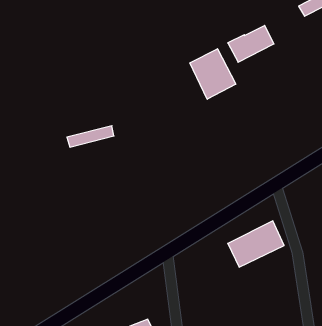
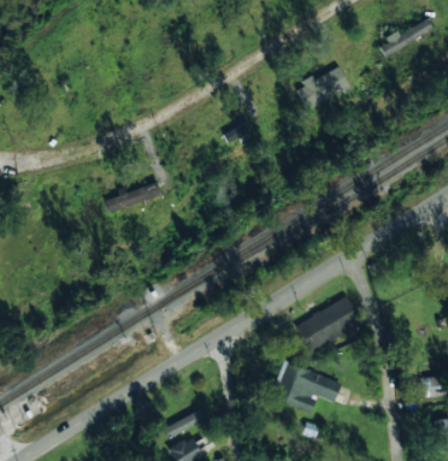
building: [190,49,236,99] -> none
building: none -> [275,362,342,412]

